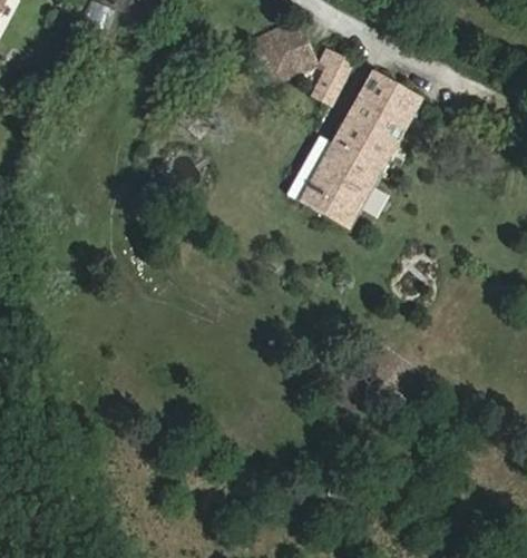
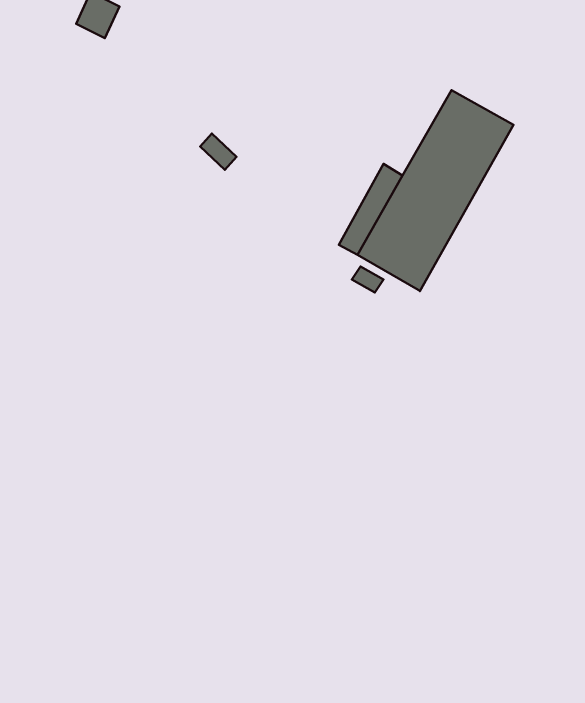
building: [251,19,319,87] -> none
building: [313,50,353,105] -> none

